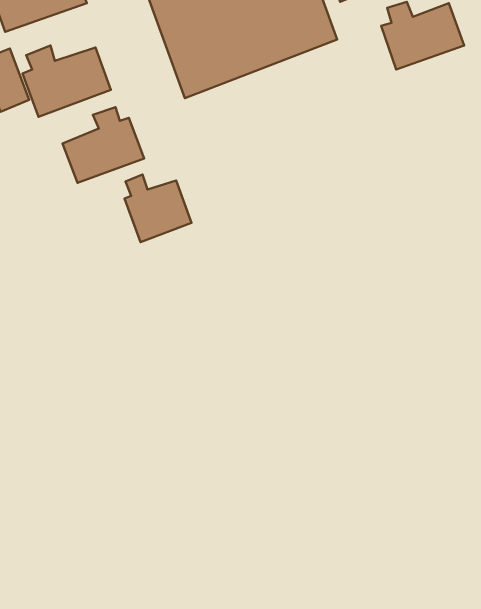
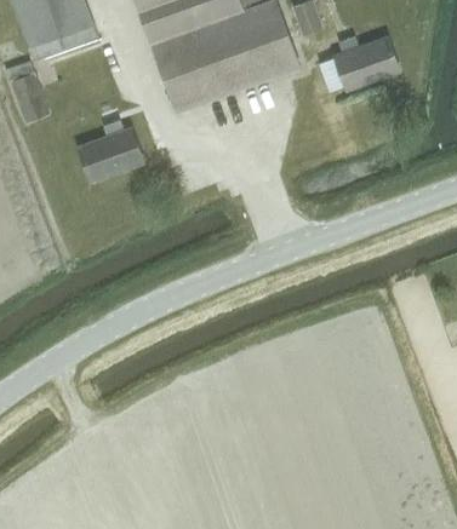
building: [22,45,111,117] -> none
building: [124,174,191,242] -> none

